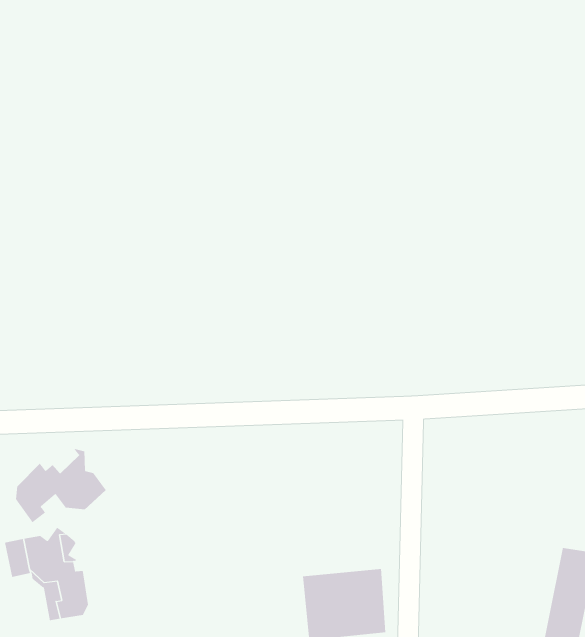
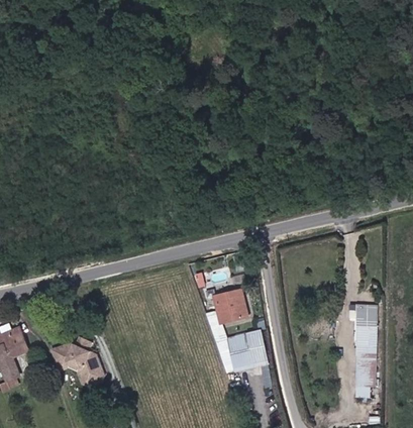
building: [16,448,106,523] -> none
building: none -> [215,292,247,321]

